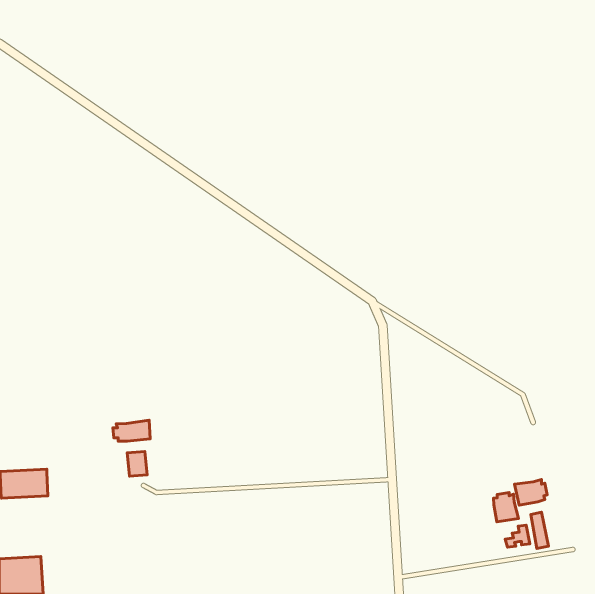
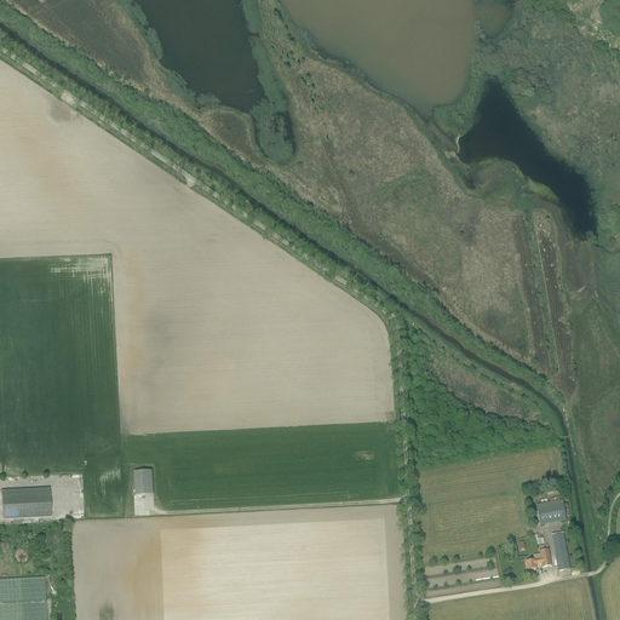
building: [113,420,150,441] -> none
building: [493,492,519,522] -> none

